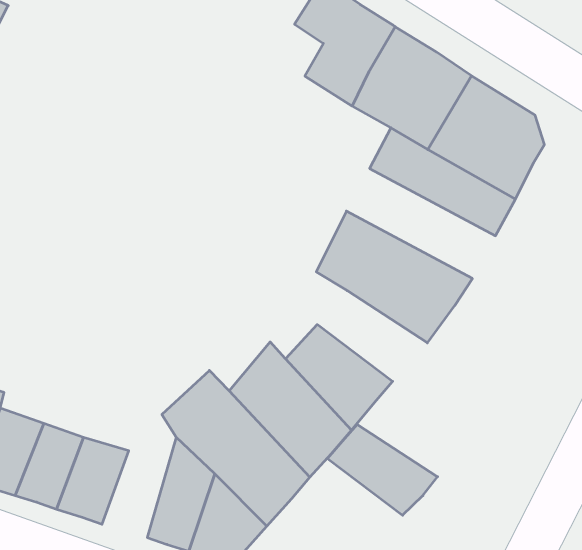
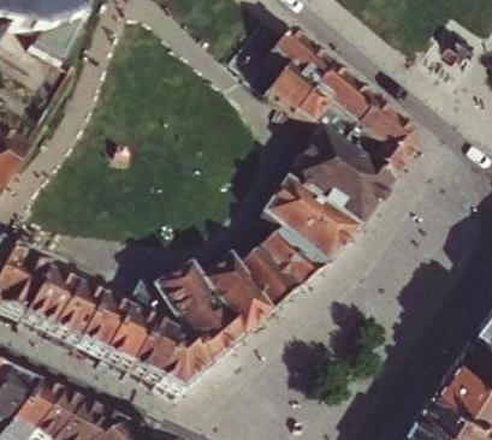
building: none -> [286,148,379,226]
building: none -> [106,274,160,364]
building: [327,424,438,515] -> [259,224,327,285]

